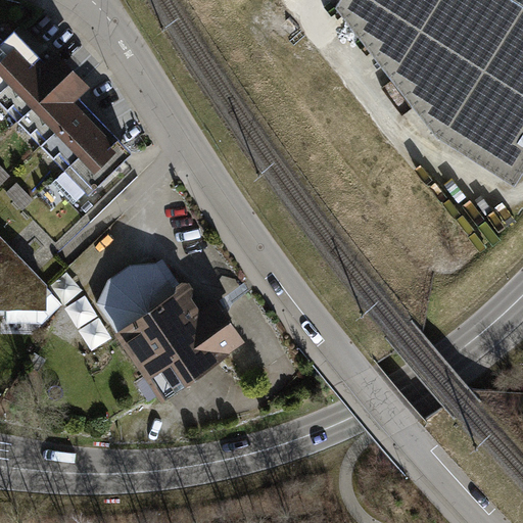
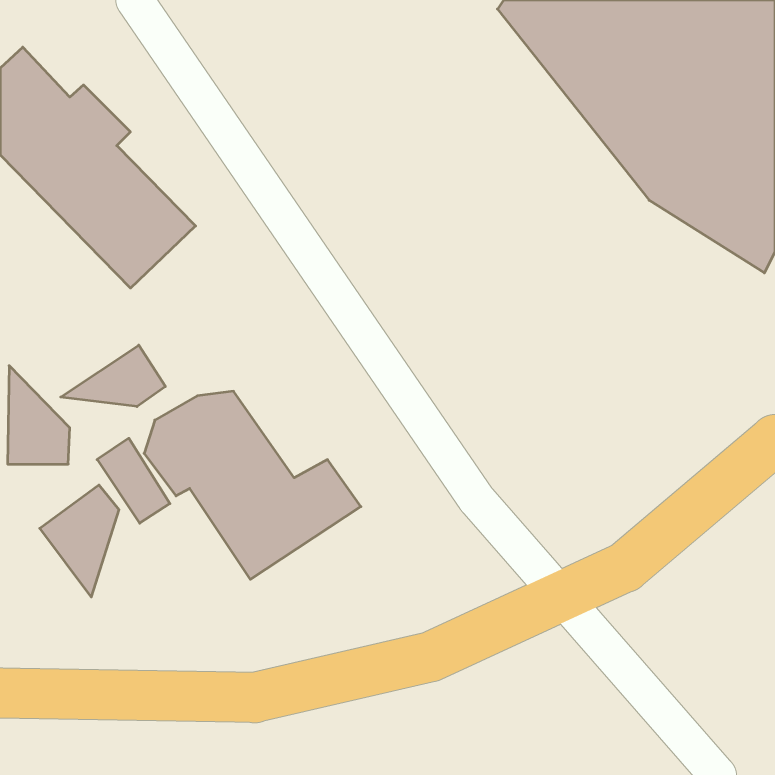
building: none -> [61,345,165,407]
building: none -> [40,485,119,597]

